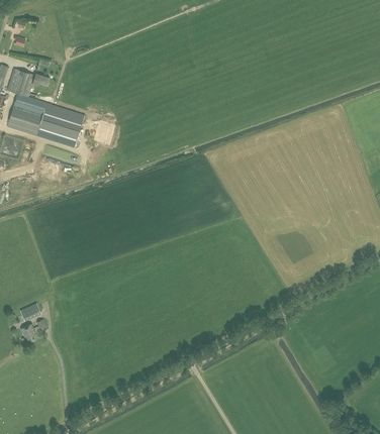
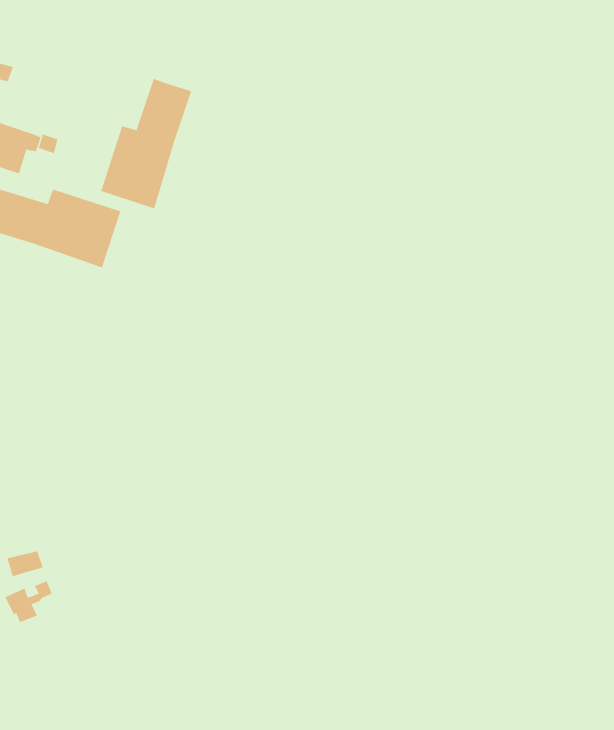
building: none -> [100,78,192,209]

